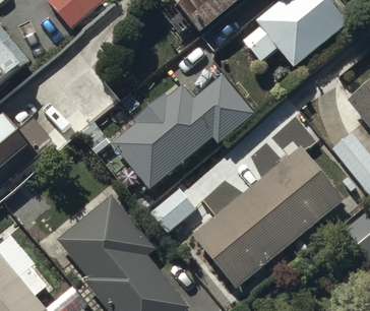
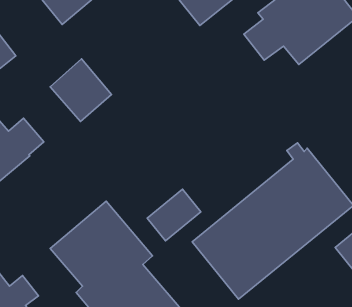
building: [111,74,255,188] -> none

